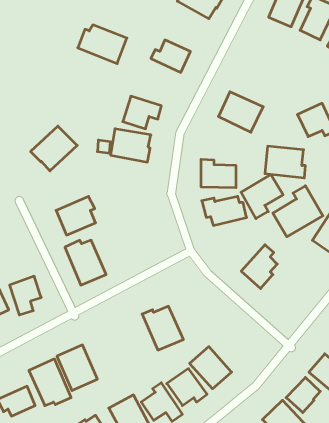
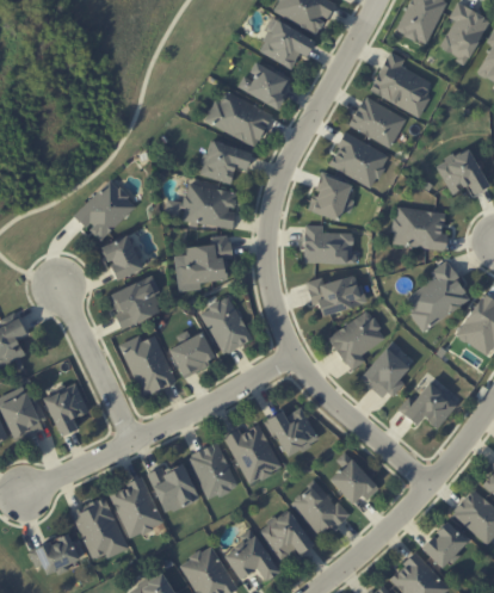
building: none -> [259,20,315,69]
building: [78,25,127,64] -> [205,93,272,146]
building: none -> [370,51,433,117]
building: none -> [350,98,407,147]
building: none -> [309,174,356,221]
building: none -> [103,235,146,280]
building: none -> [175,235,233,291]
building: [241,175,283,219] -> [329,311,387,371]
building: none -> [199,296,253,356]
building: none -> [169,331,217,377]
building: none -> [399,381,458,428]
building: none -> [268,408,319,457]
building: none -> [189,443,239,500]
building: none -> [331,451,378,505]
building: none -> [149,461,199,514]

